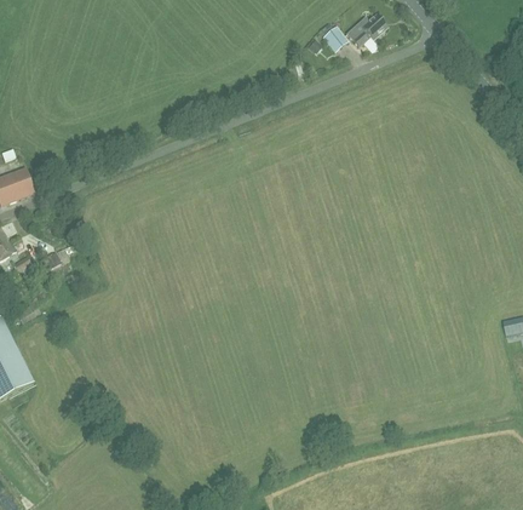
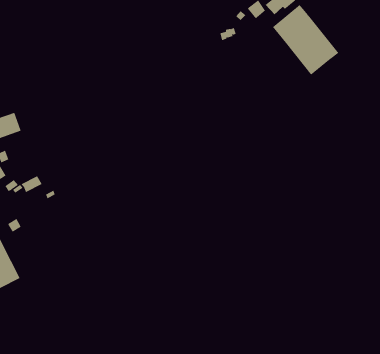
building: none -> [272,4,339,75]

